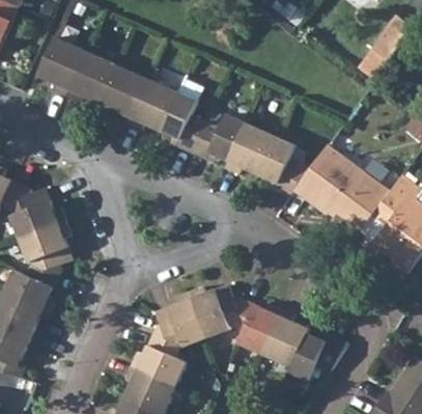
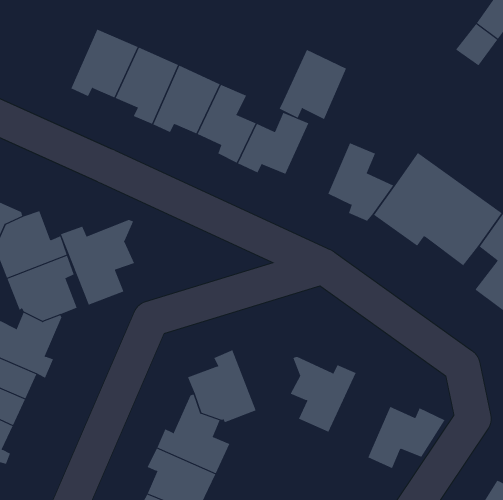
building: [38,37,87,96] -> none
building: [225,122,276,175] -> [279,49,347,120]
building: none -> [60,219,135,306]
building: [189,284,238,337] -> none
building: [260,309,309,367] -> none

